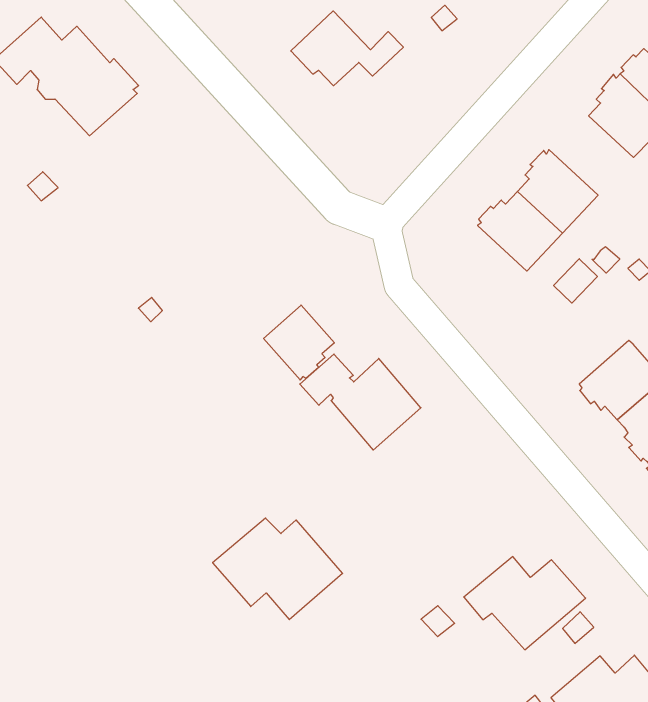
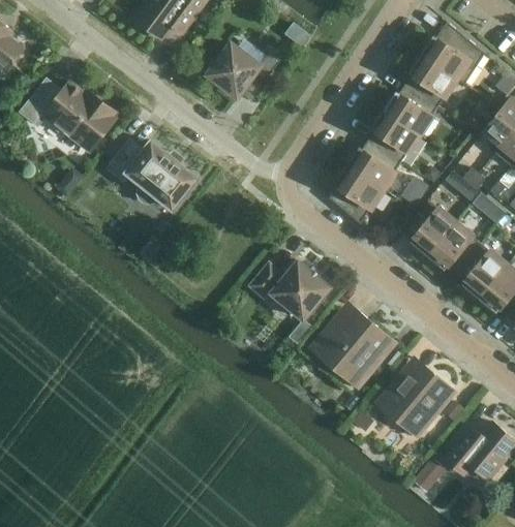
building: none -> [384,84,438,133]
building: none -> [109,141,198,209]
building: none -> [330,165,383,223]
building: none -> [403,199,455,255]
building: [264,305,334,380] -> none
building: [213,518,343,620] -> [311,312,395,376]

